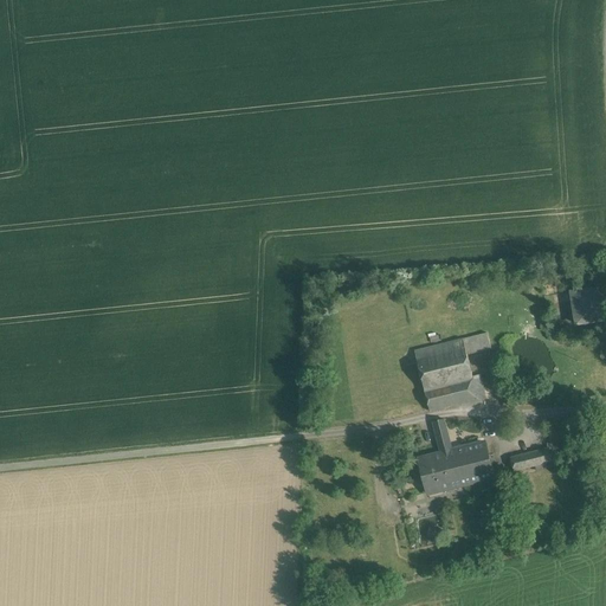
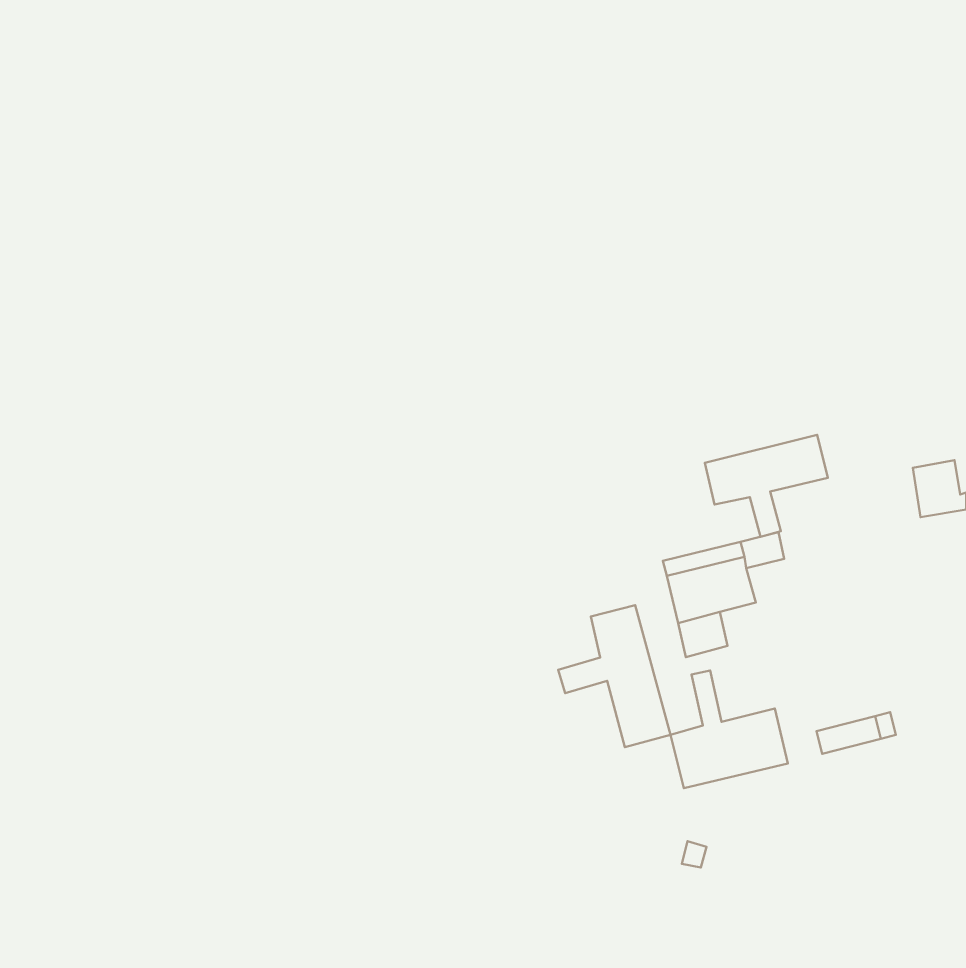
building: none -> [705,435,828,537]
building: [450,374,485,404] -> none
building: none -> [558,605,671,747]

